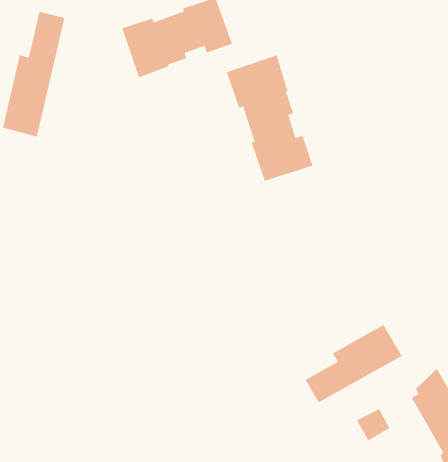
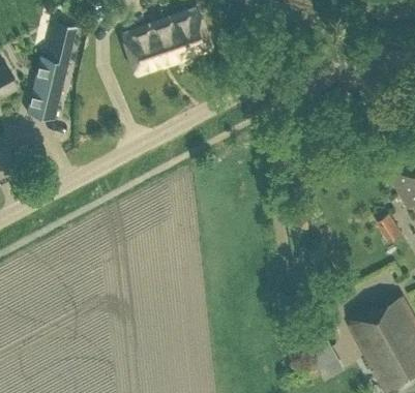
building: [226,55,313,182] -> none
building: [305,324,402,403] -> none

